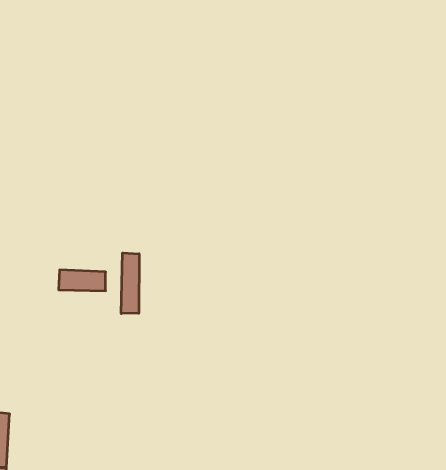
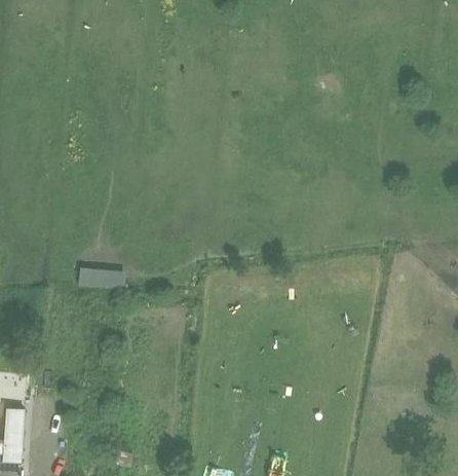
building: [121,253,139,314] -> none

